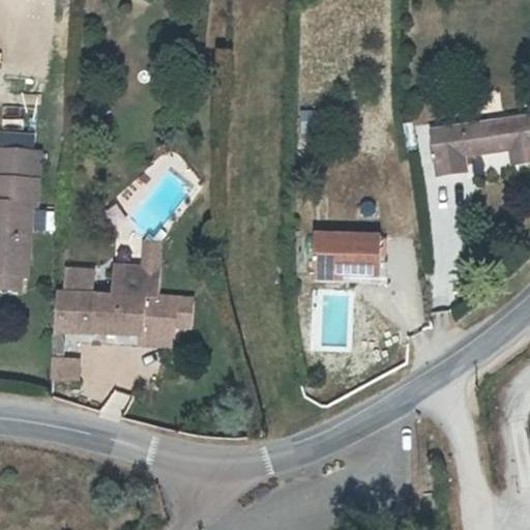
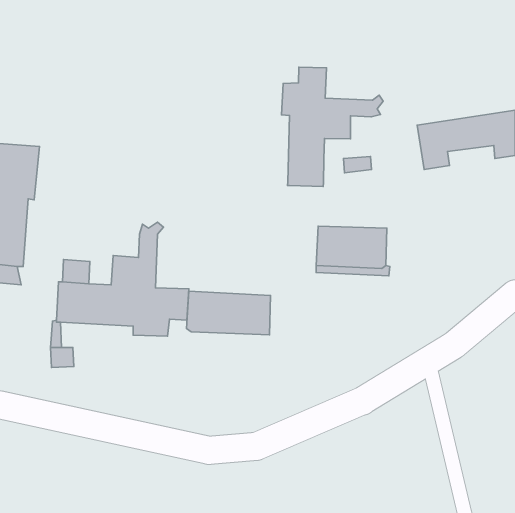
building: none -> [281,67,383,187]
building: none -> [187,291,270,335]

